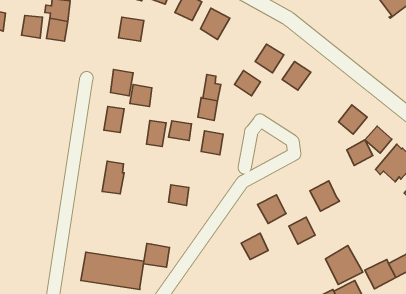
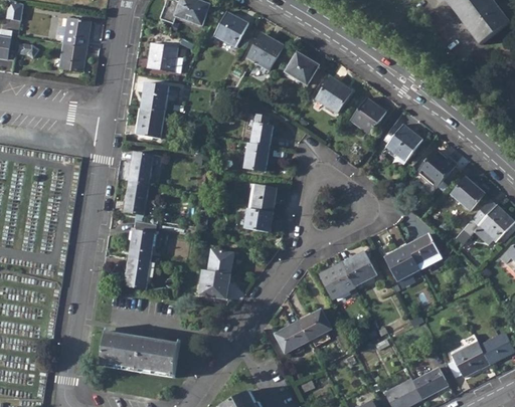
building: [22,16,43,38] -> none
building: [234,71,261,96] -> [286,53,318,84]
building: [130,85,152,107] -> [141,84,168,112]
building: none -> [387,127,422,163]
building: [147,120,166,147] -> [125,182,149,214]
building: [169,121,191,140] -> [244,208,273,232]
building: [347,140,373,165] -> [405,232,438,263]
building: none -> [123,257,149,288]
building: [289,217,315,244] -> [341,250,373,283]
building: none -> [273,321,309,355]
building: [143,244,170,267] -> [198,269,230,298]
building: [326,246,363,284] -> none

